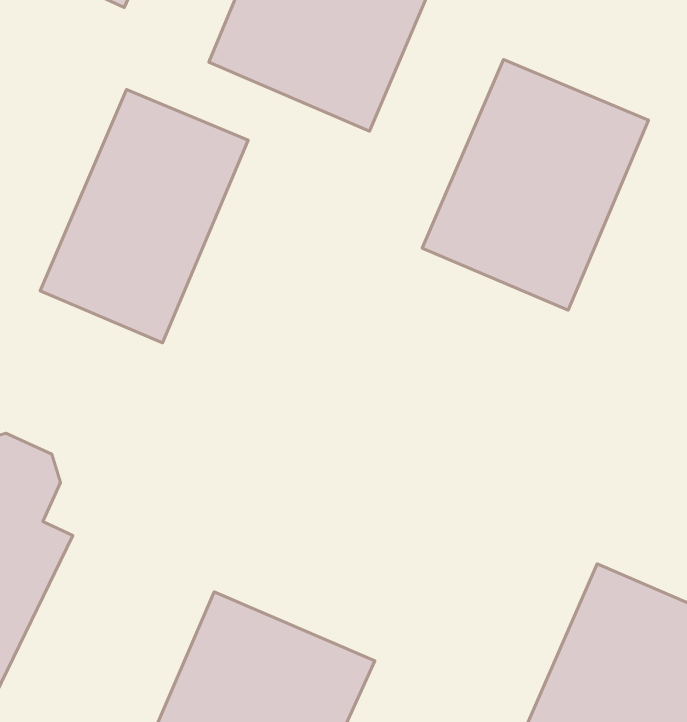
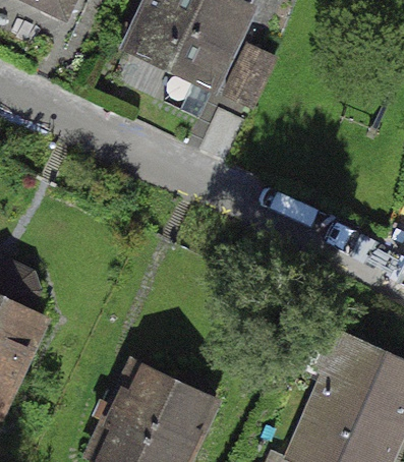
building: [422,60,648,310] -> none
building: [40,90,248,343] -> none

